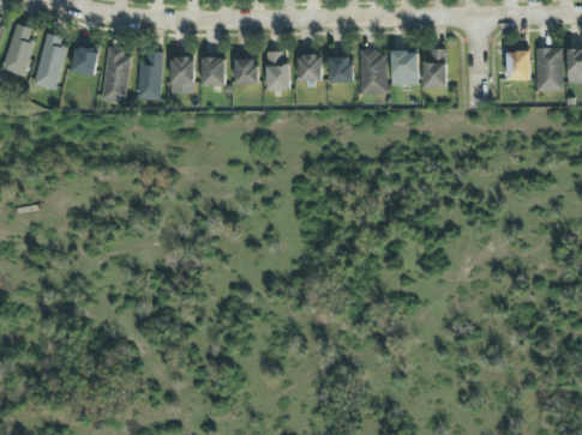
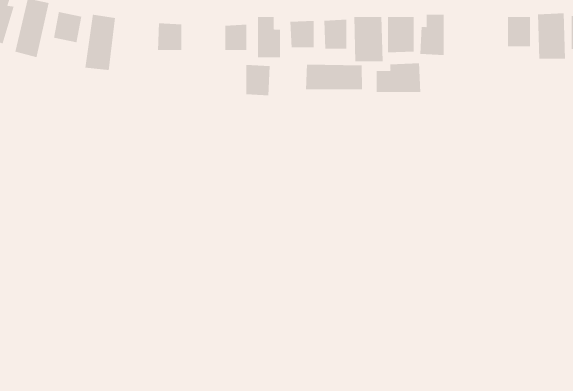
building: [138,52,162,99] -> none
building: [202,56,226,86] -> [246,64,271,96]
building: none -> [376,62,421,93]
building: none -> [306,64,362,90]

